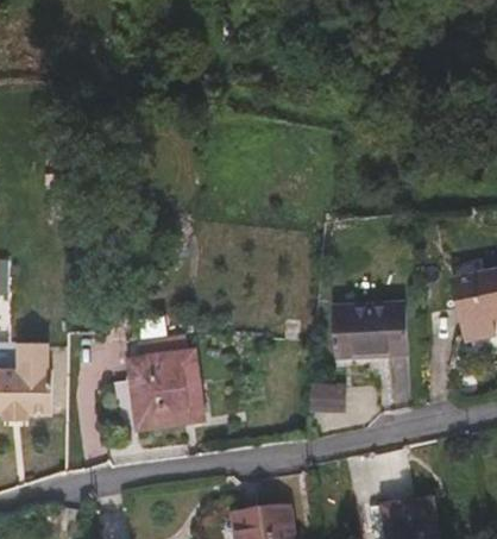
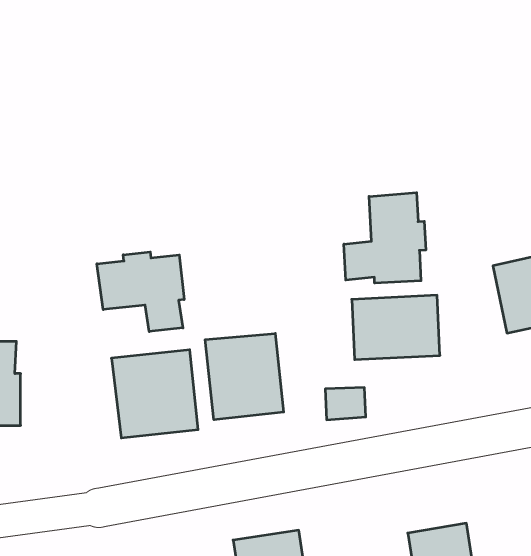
building: none -> [344,193,426,283]
building: none -> [97,252,184,332]
building: none -> [205,333,284,420]

